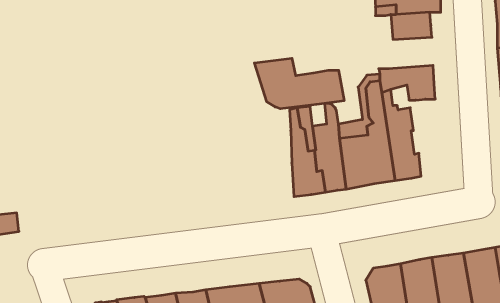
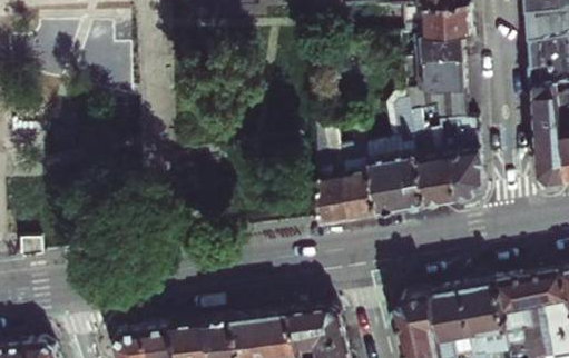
building: none -> [415,59,463,91]
building: [254,58,344,109] -> none
building: none -> [441,121,481,201]

